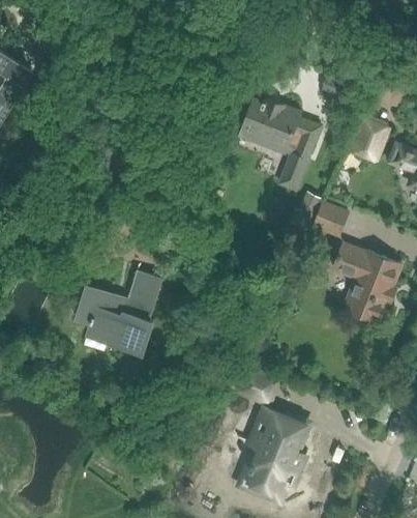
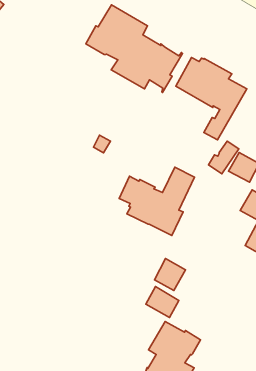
building: none -> [86,5,182,93]
building: [78,271,160,350] -> [119,167,194,235]
building: none -> [154,258,185,290]

